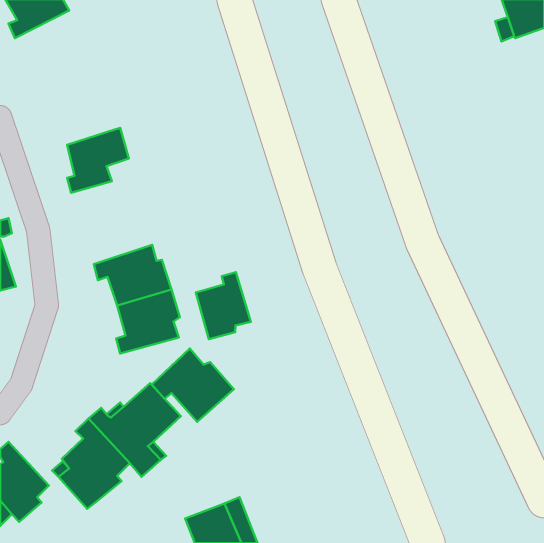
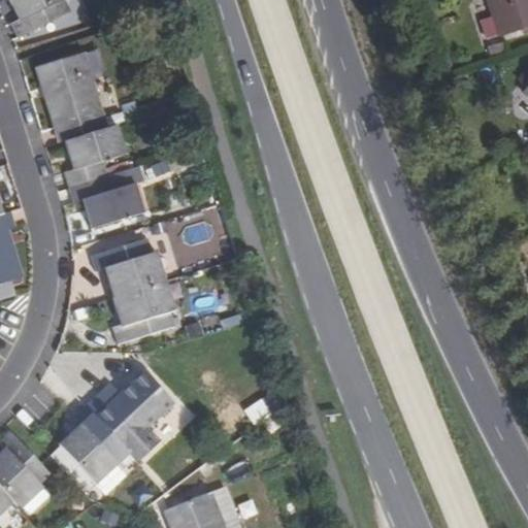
building: none -> [41,53,103,140]
building: none -> [69,175,142,227]
building: [196,272,251,339] -> none
building: [152,349,234,422] -> none

